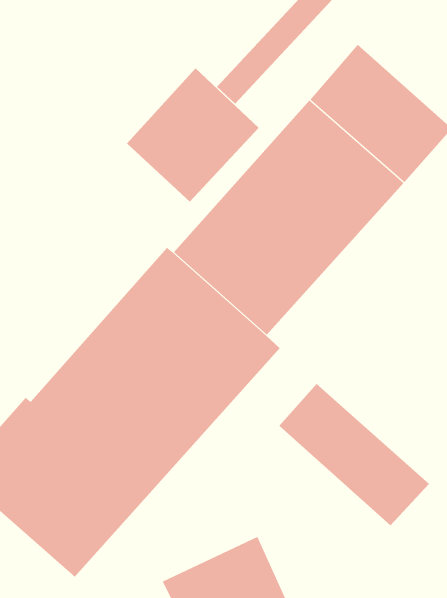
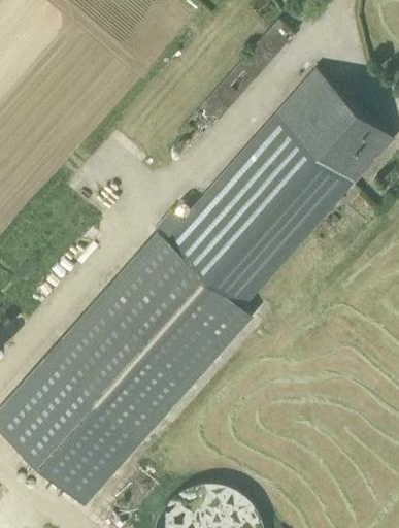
building: [126,67,260,203] -> none
building: [278,383,430,526] -> none

